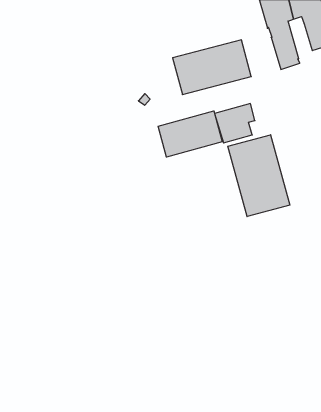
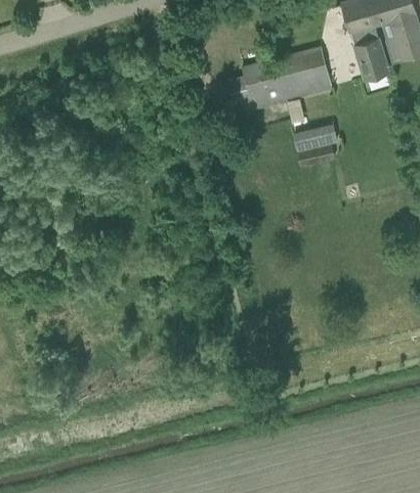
building: [158,111,222,157] -> none
building: [228,135,290,217] -> none

